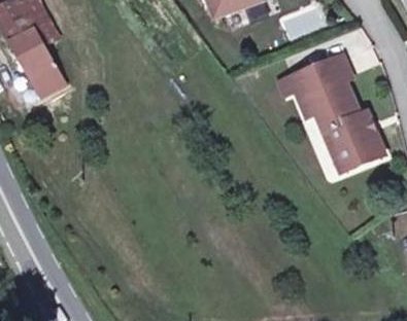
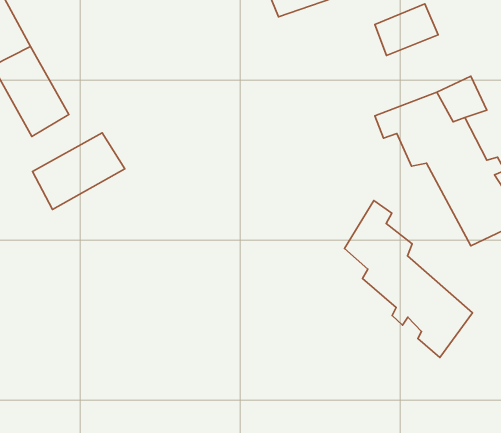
building: none -> [33,133,125,209]
building: none -> [345,200,473,358]

